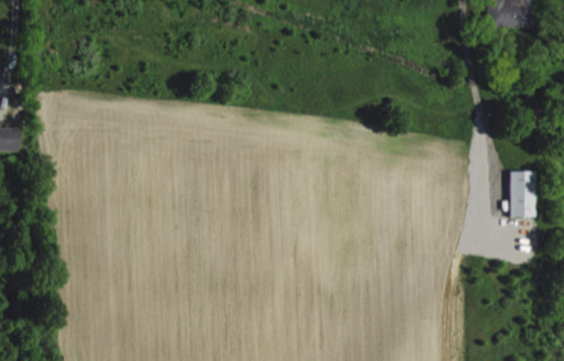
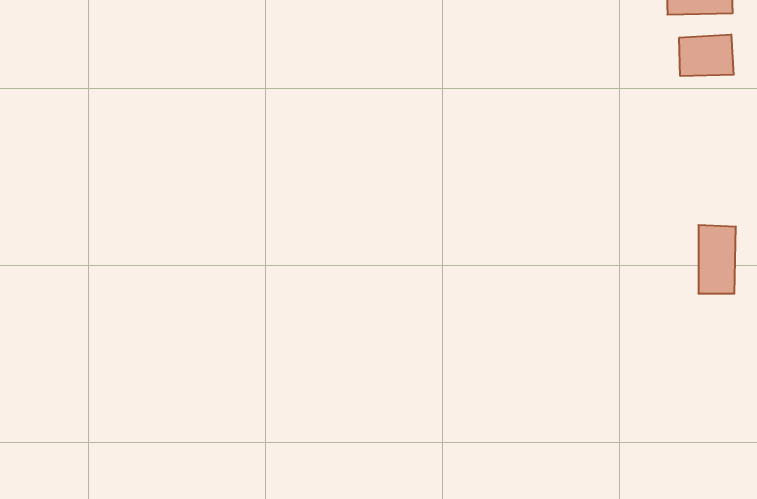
building: none -> [679,34,734,76]

